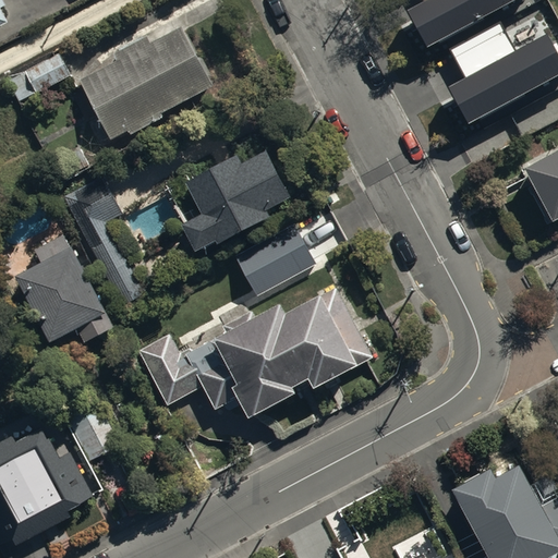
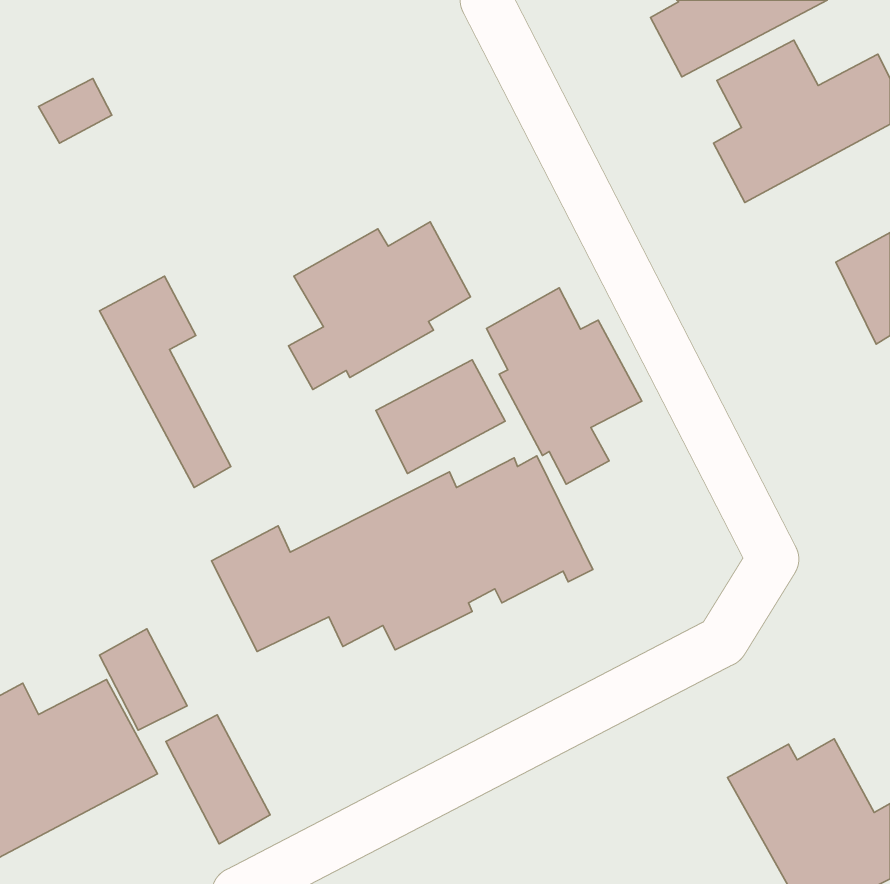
building: [80,27,215,140] -> none
building: none -> [487,288,642,484]
building: [16,236,114,339] -> none
building: none -> [166,715,270,844]

